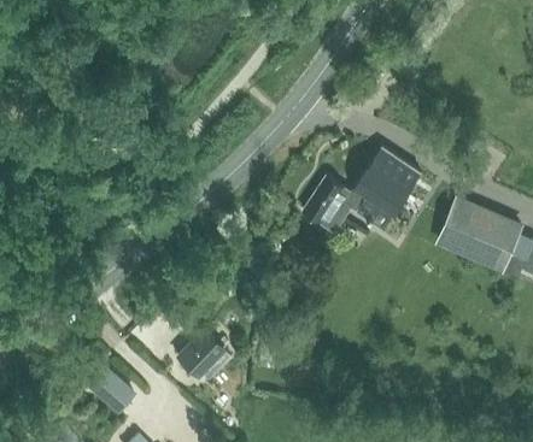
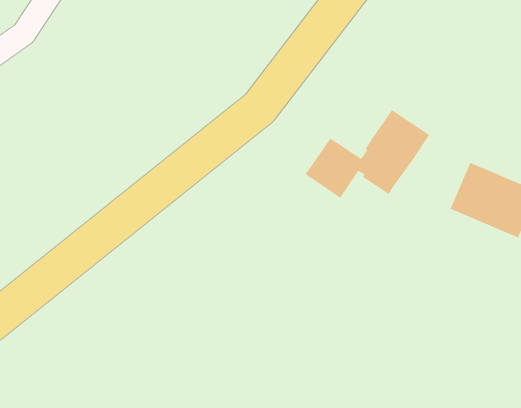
building: [175,328,230,382] -> none
building: [81,361,135,413] -> none

